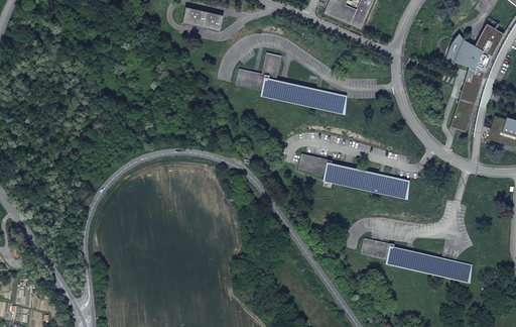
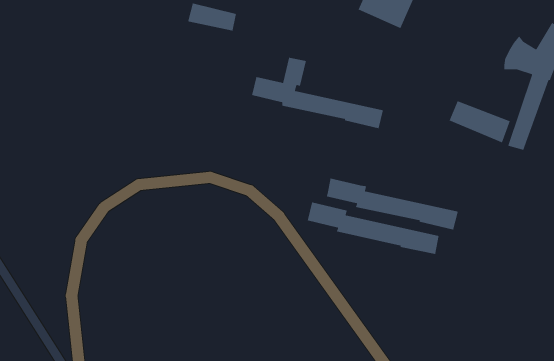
building: none -> [448,100,511,143]
building: [361,238,472,283] -> [307,202,440,255]

